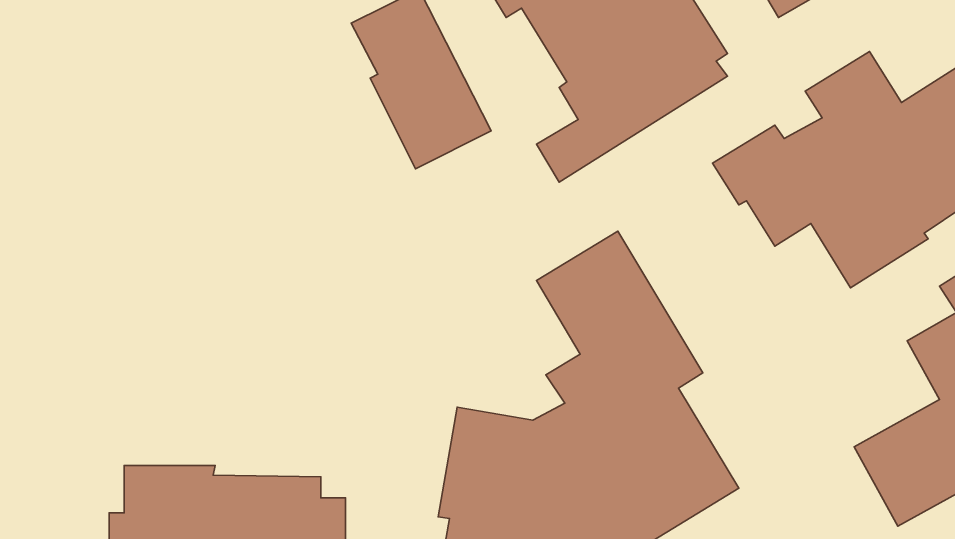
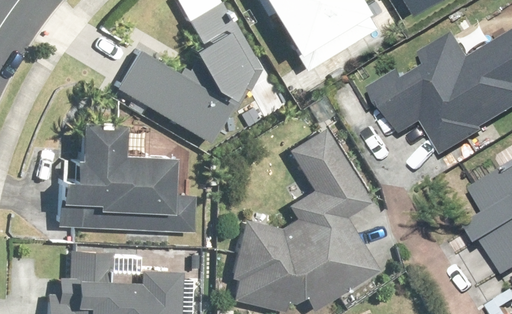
building: none -> [117,48,237,143]
building: none -> [58,125,198,232]

